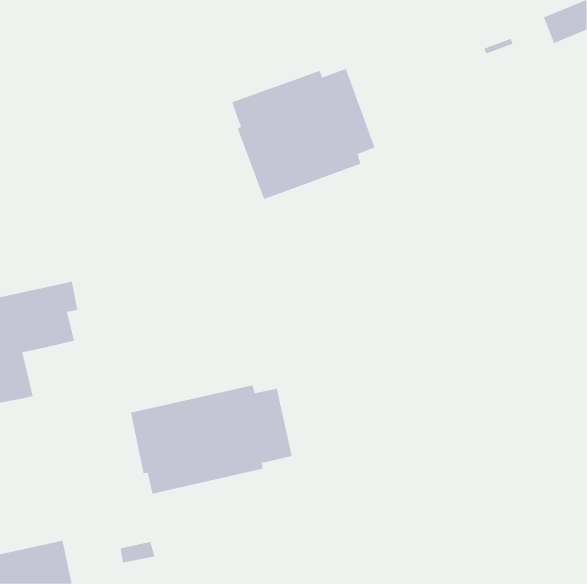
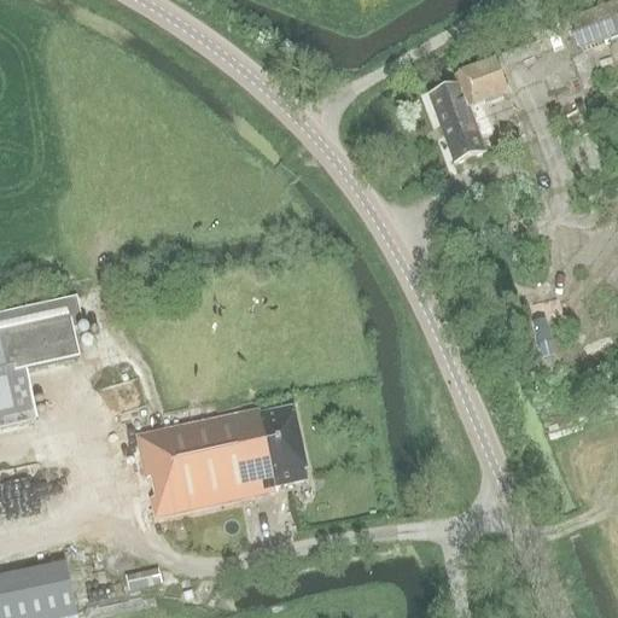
building: none -> [428,59,507,162]
building: [231,68,375,200] -> none

